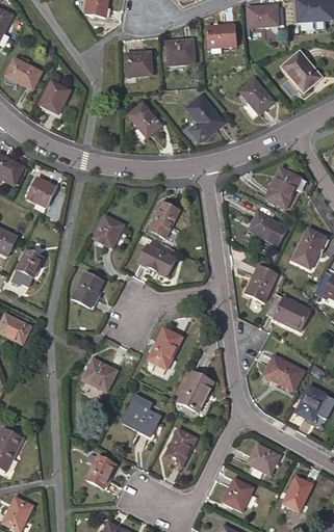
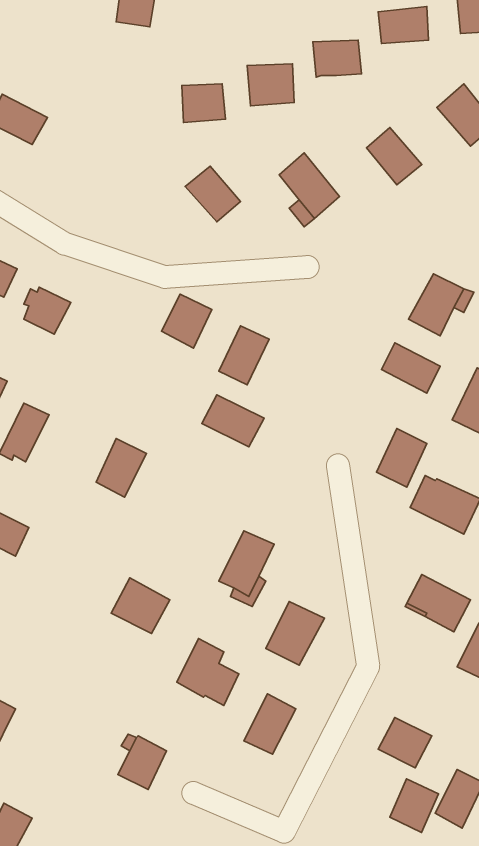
building: [40,81,70,114] -> none
building: [93,215,124,248] -> [162,294,212,348]
building: [223,478,253,511] -> [390,779,438,832]

